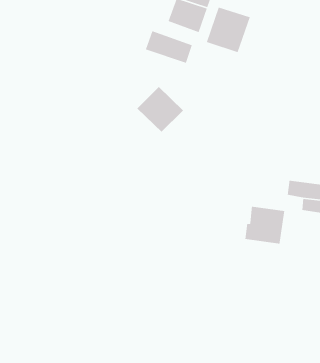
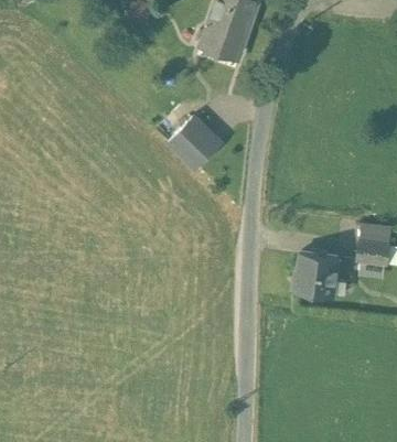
building: [206,6,251,53] -> none
building: [145,30,193,64] -> none

